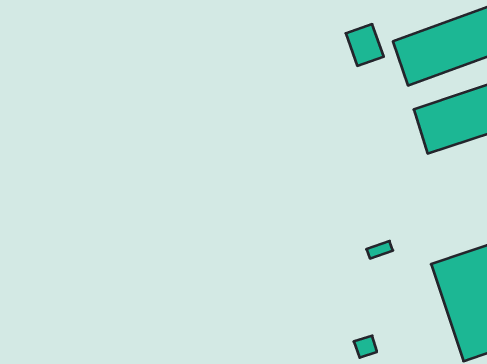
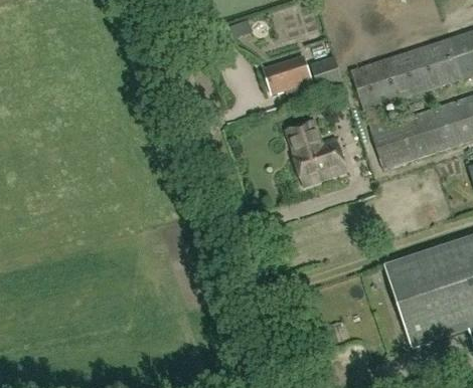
building: none -> [265,55,312,94]
building: none -> [286,120,347,185]

